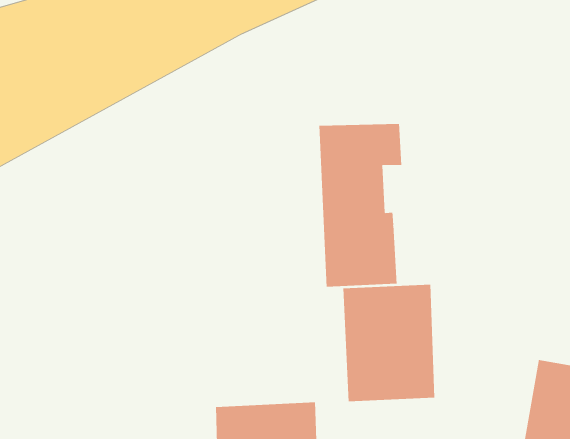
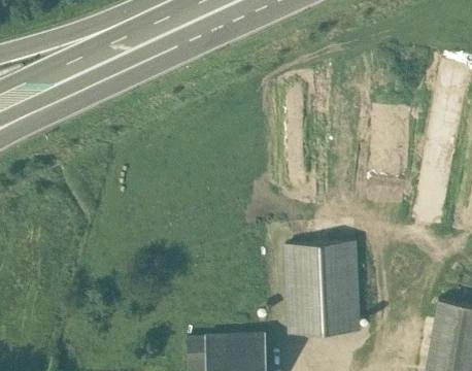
building: [319,123,402,288] -> none

